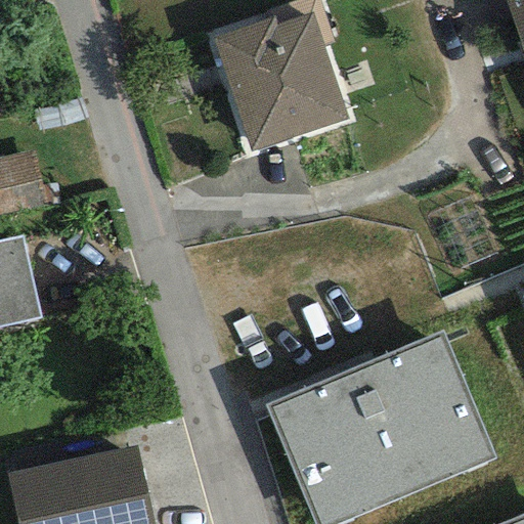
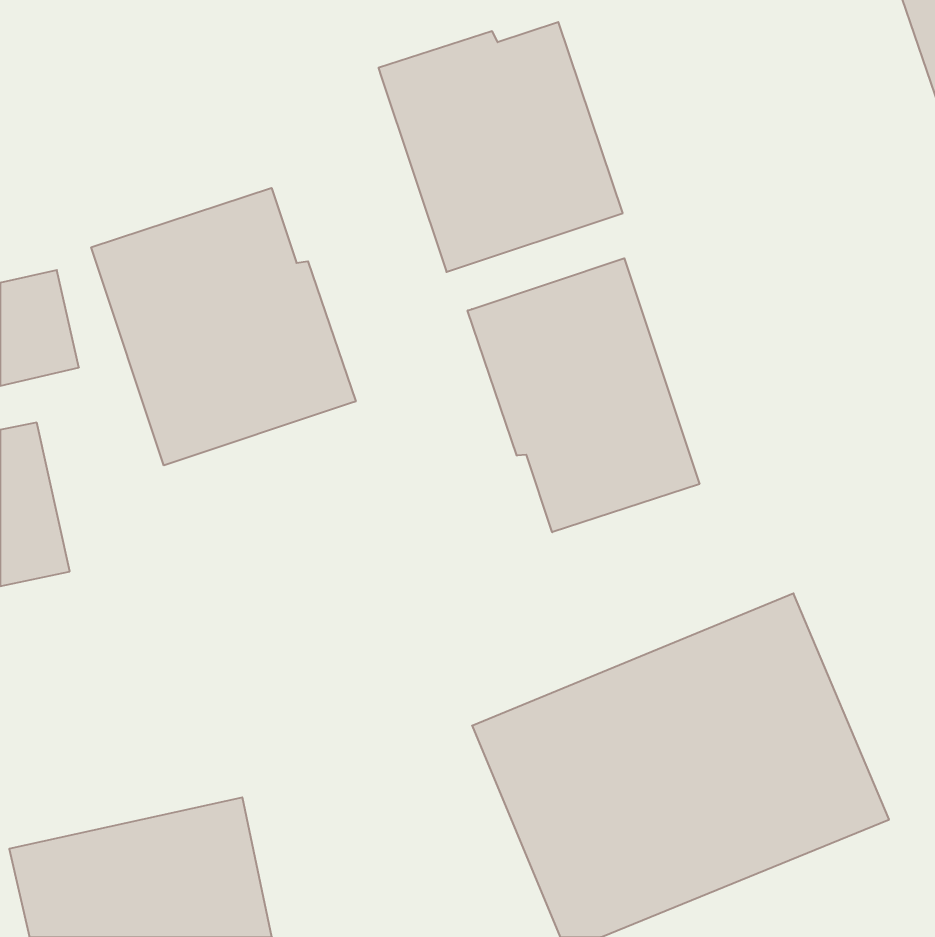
building: none -> [91,188,356,465]
building: none -> [468,258,699,532]

